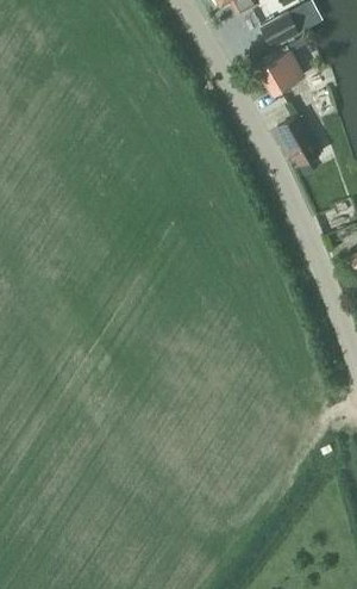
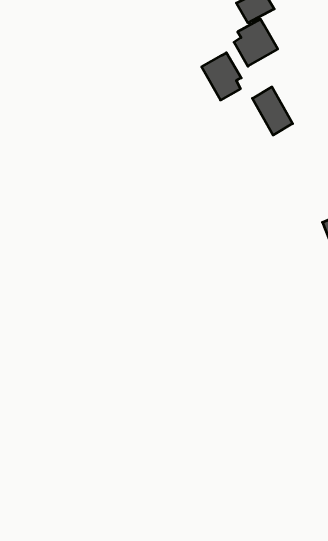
building: none -> [202,53,241,100]

